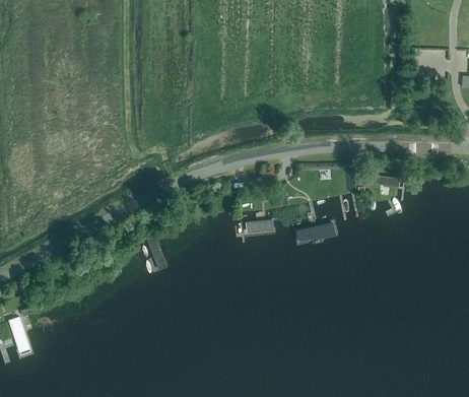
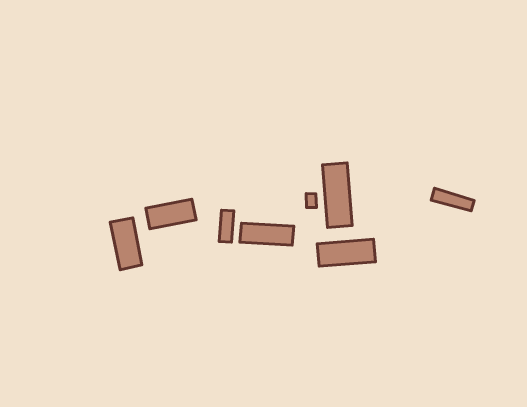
building: none -> [322,163,352,227]
building: none -> [146,199,196,229]

